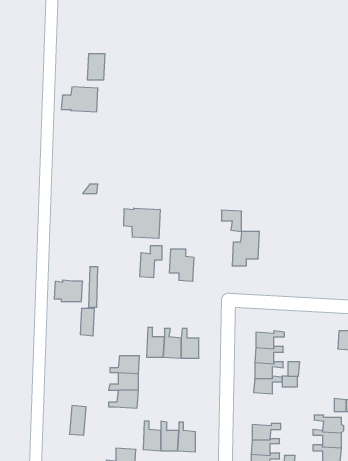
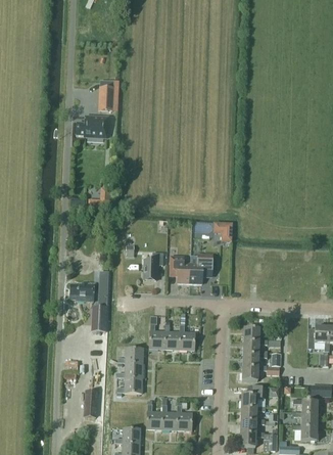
building: [124,208,160,238] -> none
building: [232,231,259,266] -> [189,253,212,282]
building: none -> [240,384,266,407]

